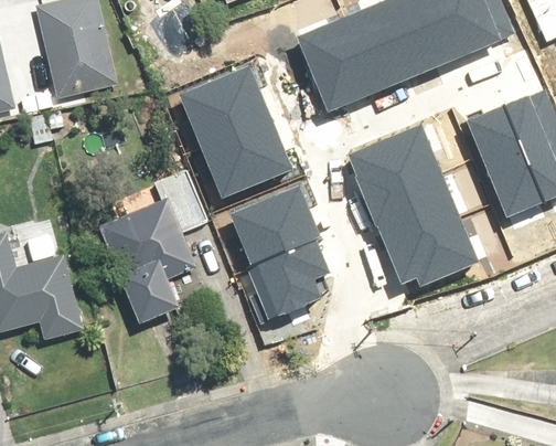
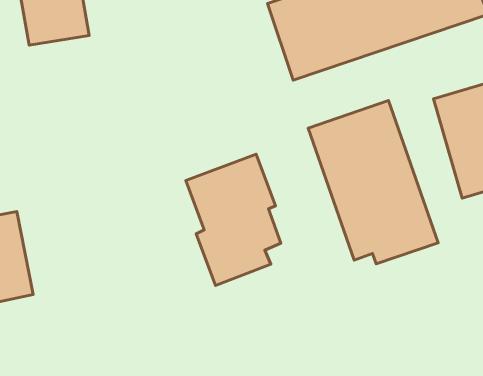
building: [181,63,295,194] -> none
building: [89,199,197,331] -> none

